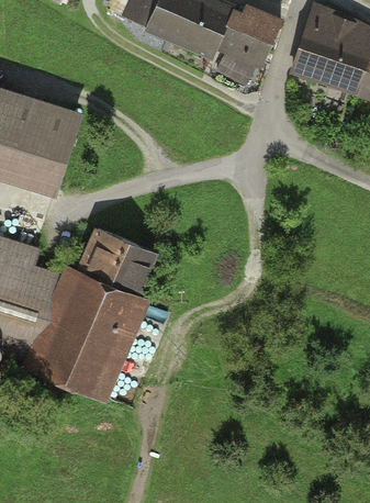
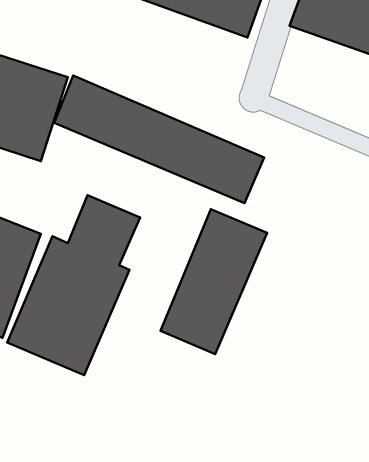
building: none -> [54,76,264,203]
building: none -> [160,209,267,354]

